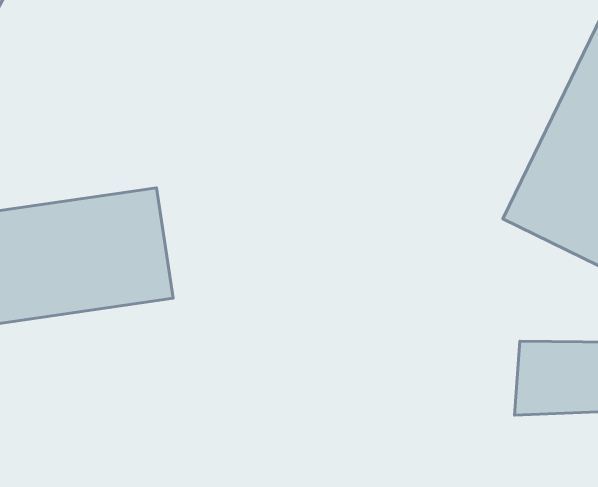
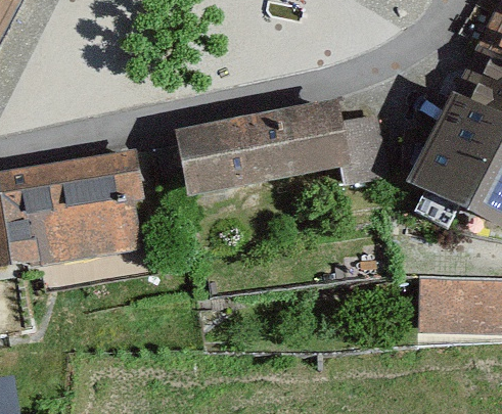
building: none -> [176,102,354,220]

